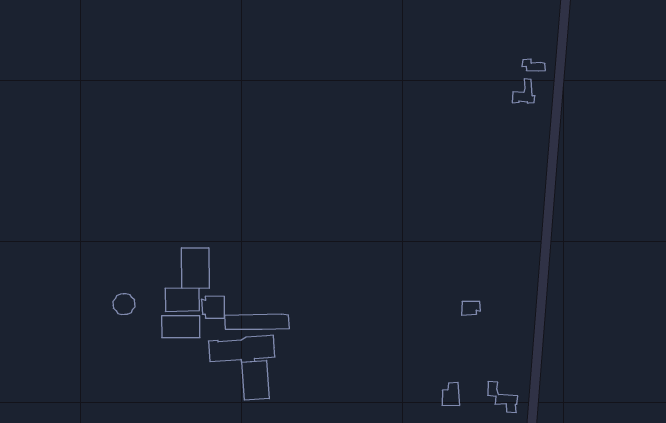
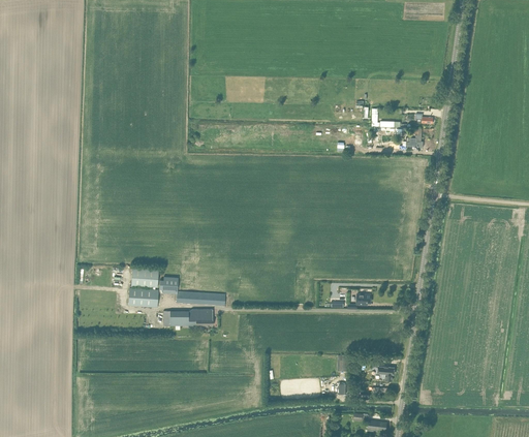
building: [182,248,209,288] -> none
building: [242,360,269,400] -> none

